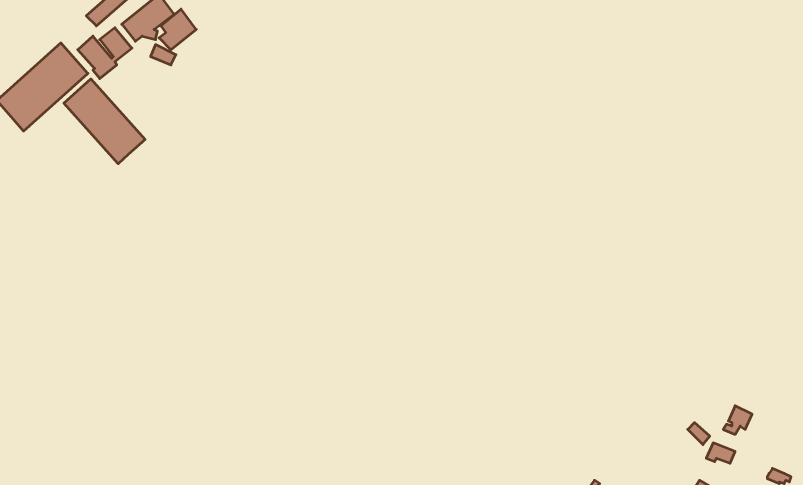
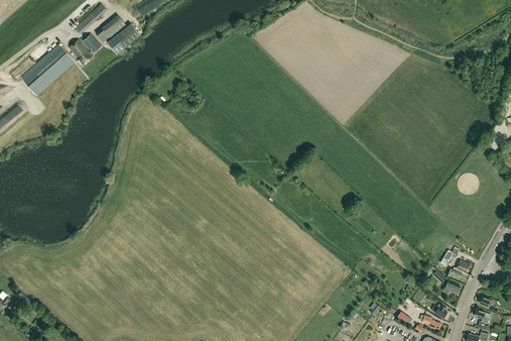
building: [64,79,145,164] -> none

